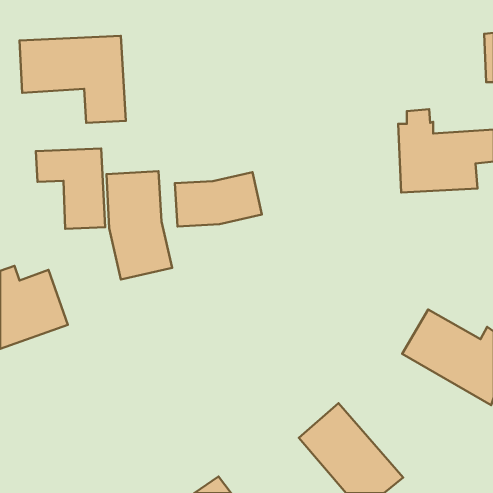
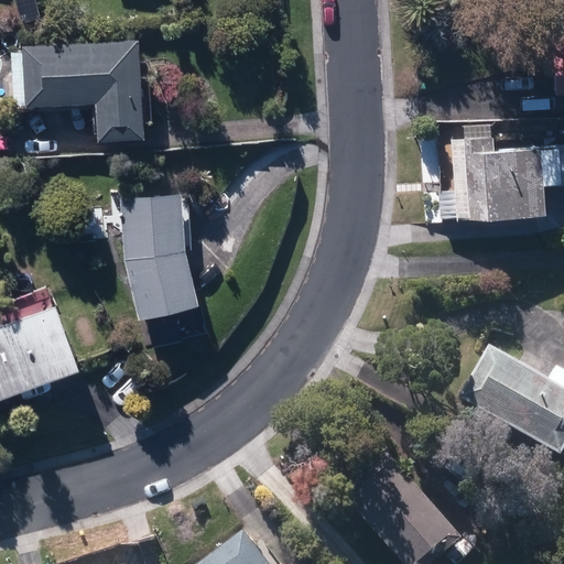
building: [36,148,105,229] -> none
building: [175,172,262,226] -> none

